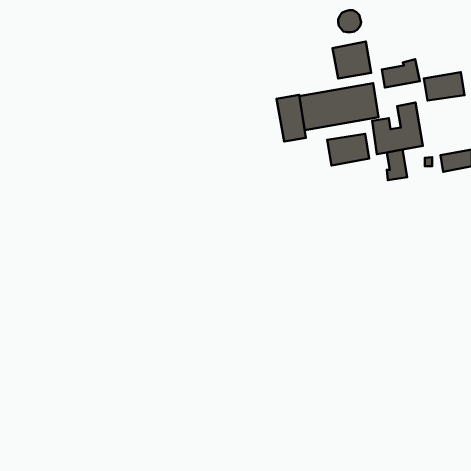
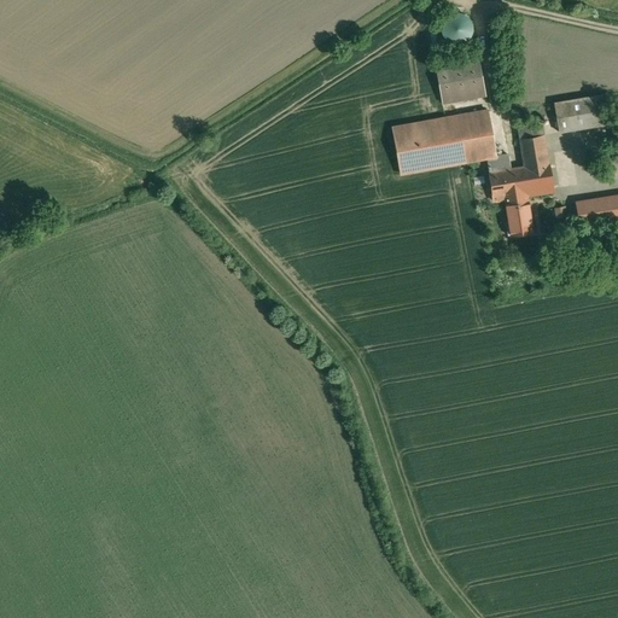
building: [382,59,420,88] -> none
building: [276,95,306,141] -> none
building: [327,134,369,165] -> none

